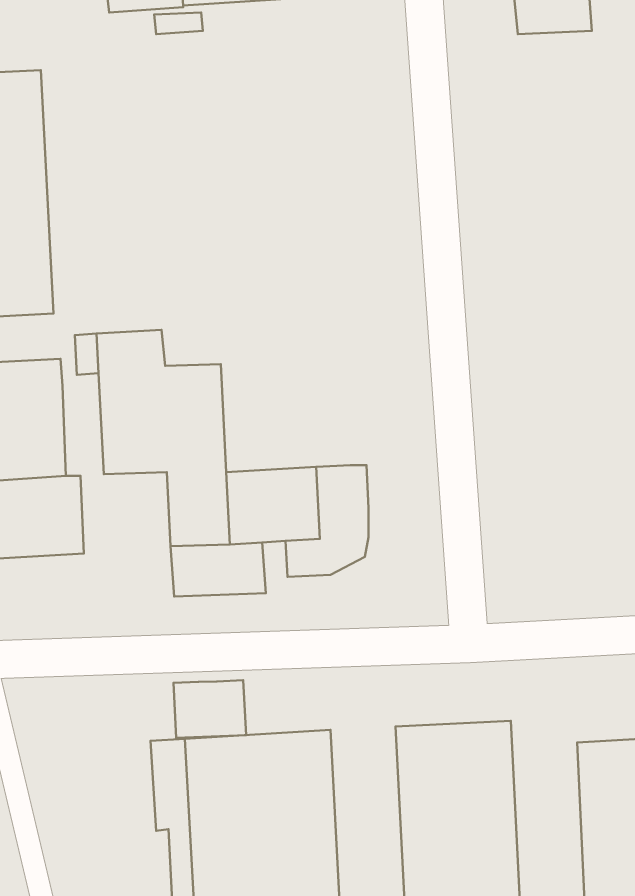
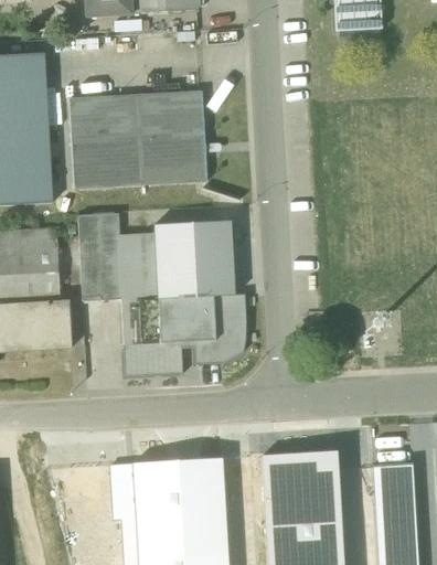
building: none -> [68,94,205,190]
building: none -> [154,220,234,299]
building: [173,680,246,738] -> none

